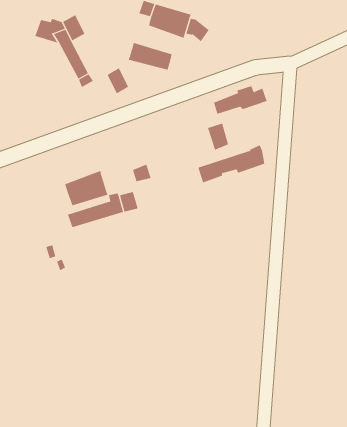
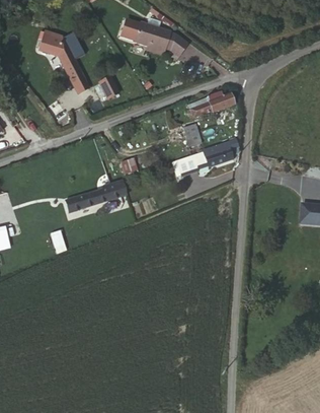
building: [128,42,172,70] -> none
building: [65,170,108,206] -> none

